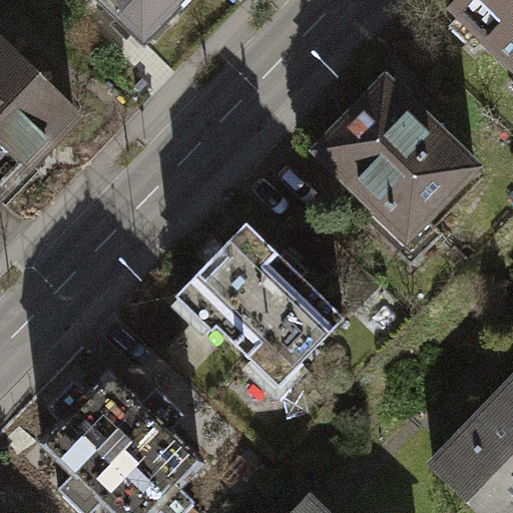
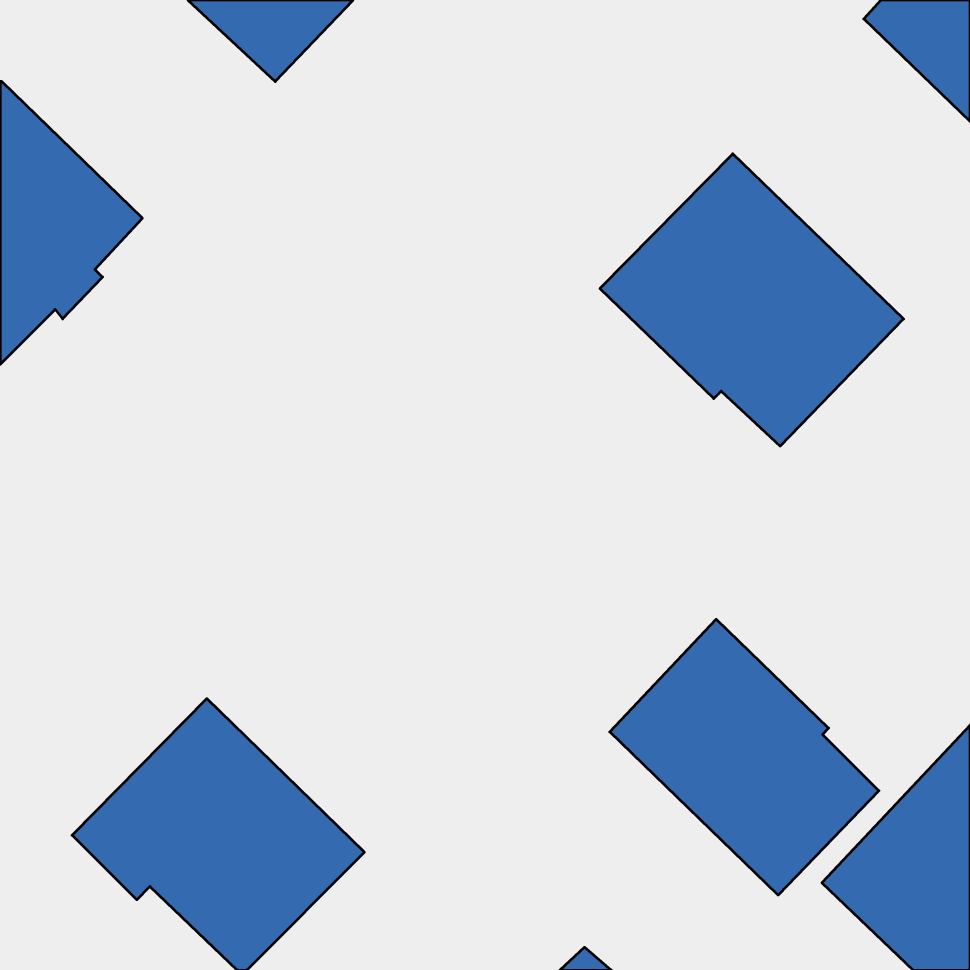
building: [177,225,346,387] -> none
building: none -> [610,619,879,895]

